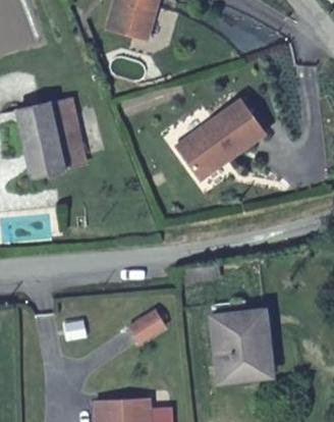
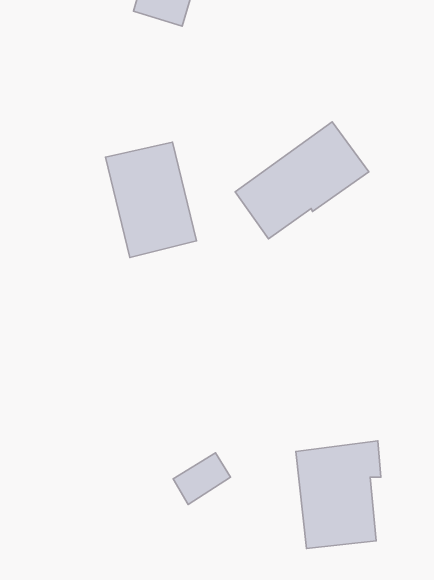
building: [19,92,80,169] -> [106,142,197,258]

